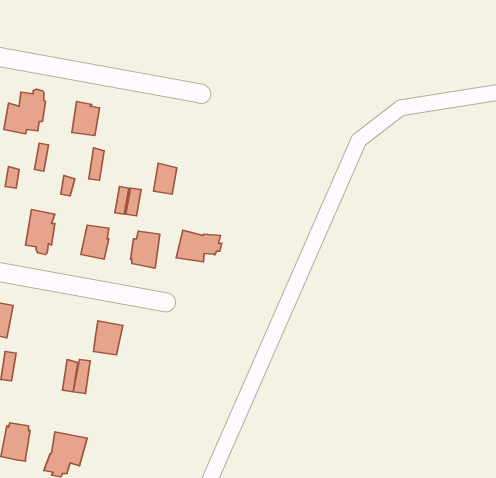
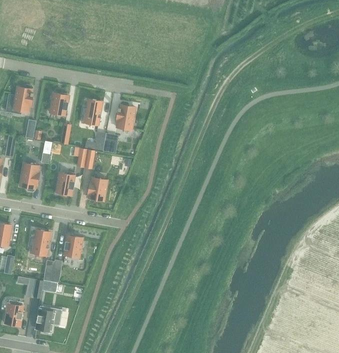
building: none -> [81,99,101,125]
building: none -> [116,102,135,130]
building: [176,230,222,262] -> none
building: none -> [29,229,50,256]

